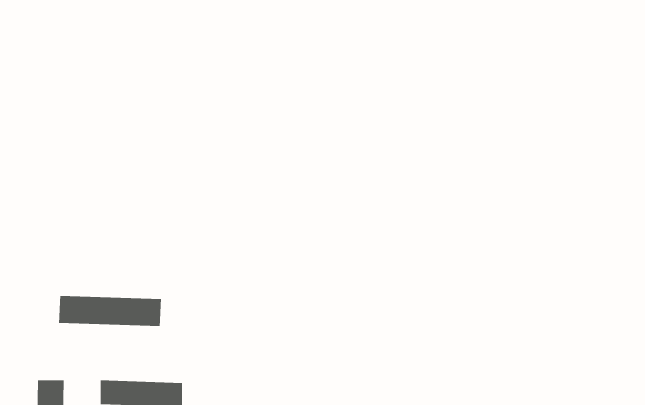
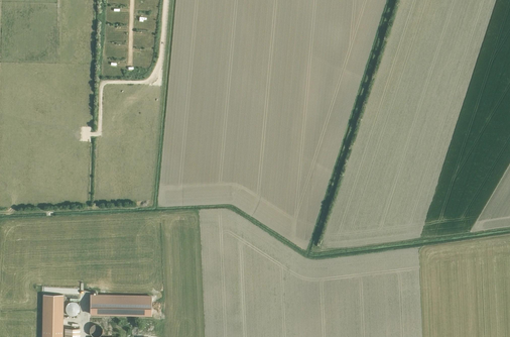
building: [58,295,162,327] -> none

